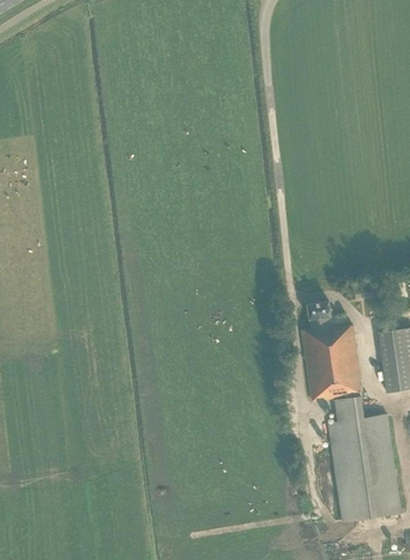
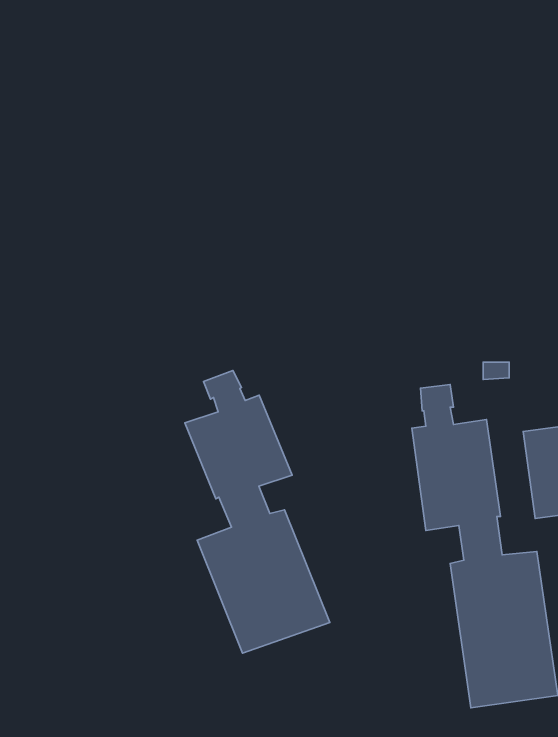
building: none -> [185,371,330,653]

